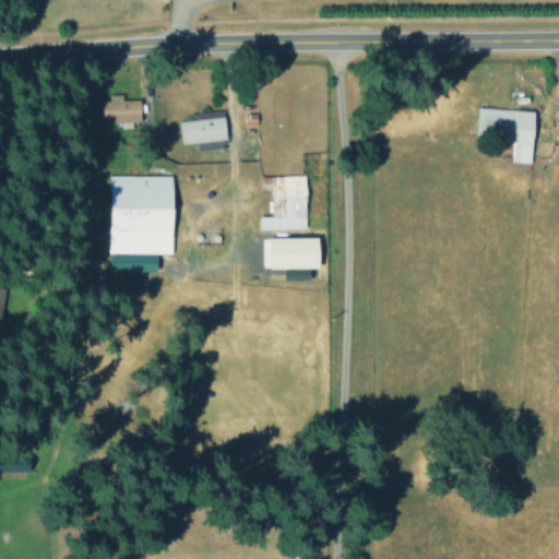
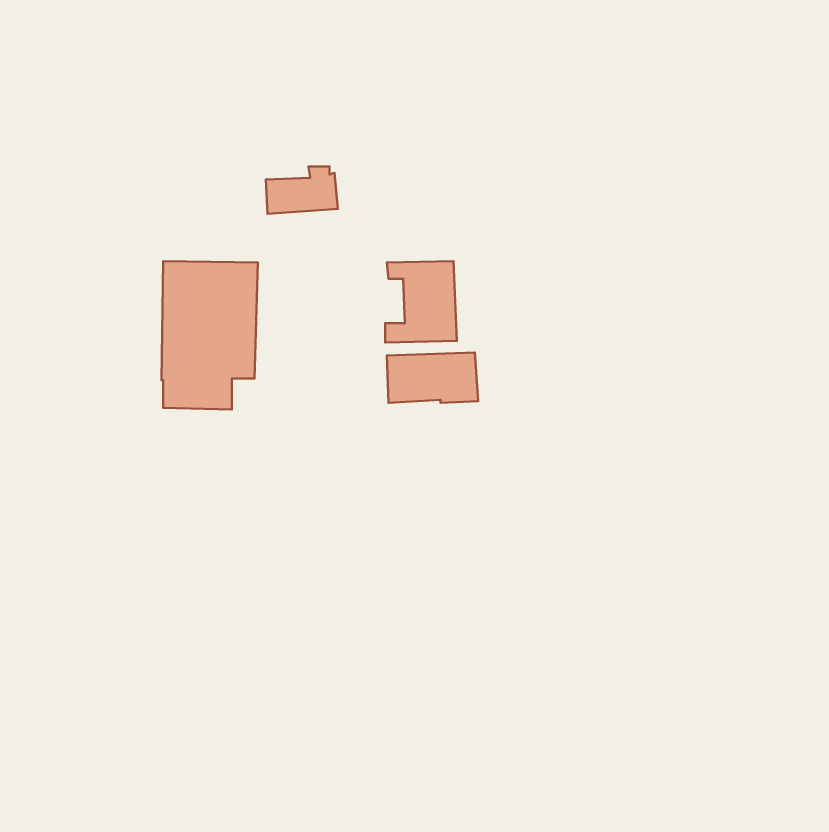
building: [106,95,144,123] -> none
building: [476,108,537,164] -> none

